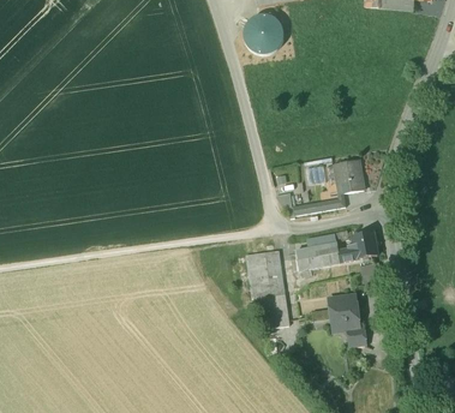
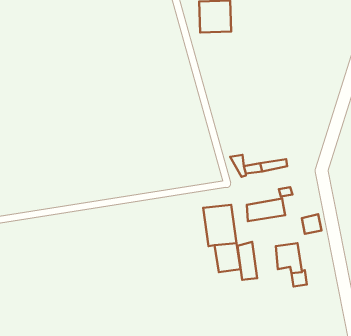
building: [335,158,364,192] -> none
building: [337,231,377,262] -> none
building: none -> [237,242,257,280]

